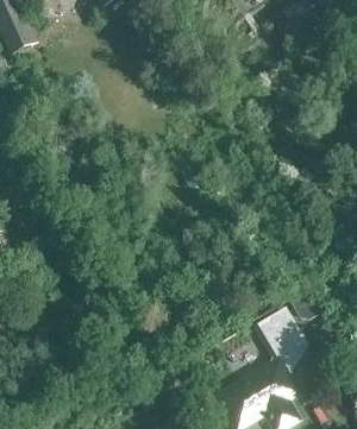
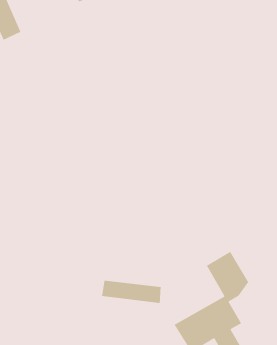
building: none -> [101,280,161,304]

